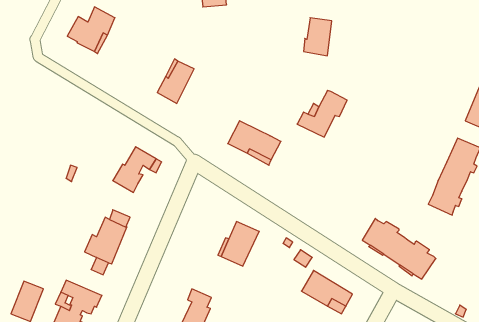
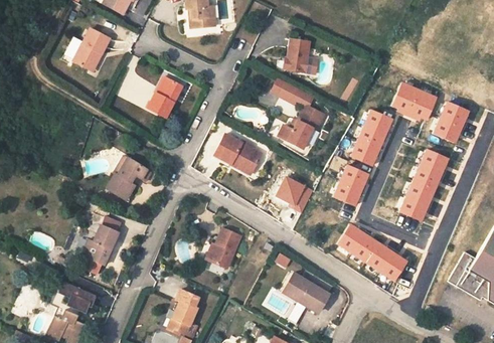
building: none -> [279,82,313,107]
building: none -> [392,83,436,120]
building: none -> [351,111,391,165]
building: none -> [334,166,368,205]
building: none -> [275,178,313,214]

